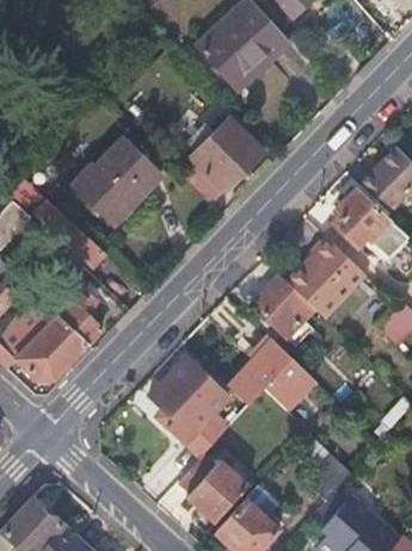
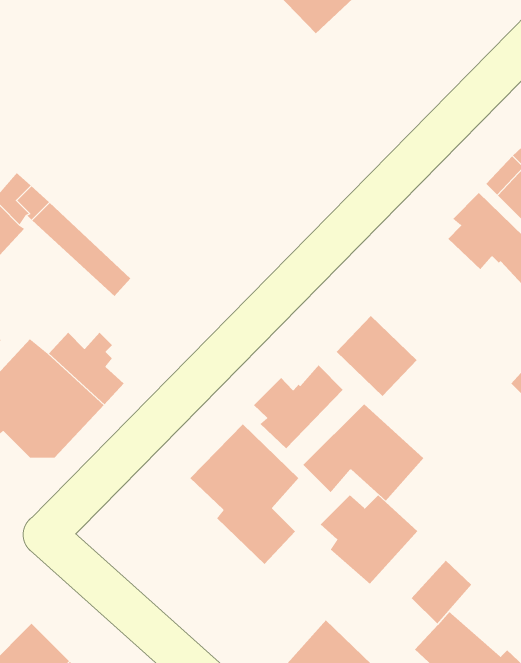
building: [183,117,263,202] -> none
building: [75,135,166,210] -> none
building: [288,239,363,317] -> none
building: none -> [253,365,344,449]
building: [179,459,250,524] -> [320,495,418,584]

